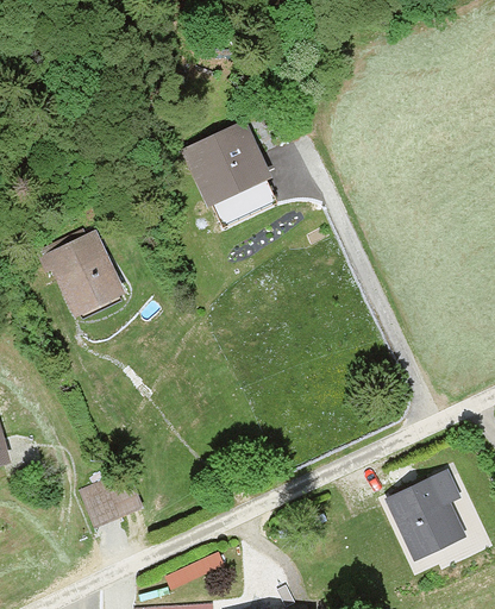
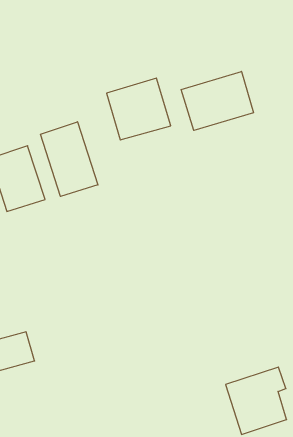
building: none -> [181,71,253,130]
building: none -> [41,122,98,196]

